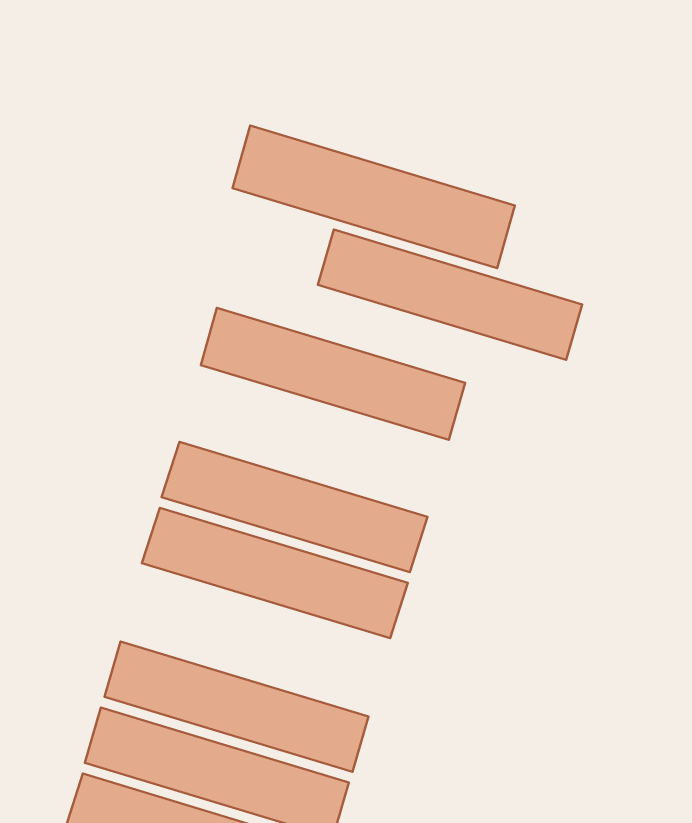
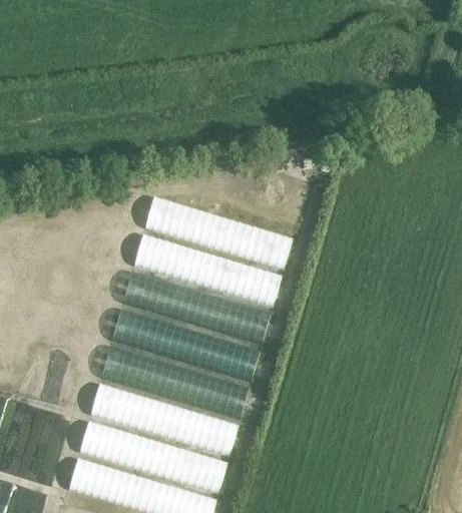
building: [232,126,515,268] -> none
building: [318,230,582,360] -> [133,233,282,307]
building: none -> [101,346,250,419]

